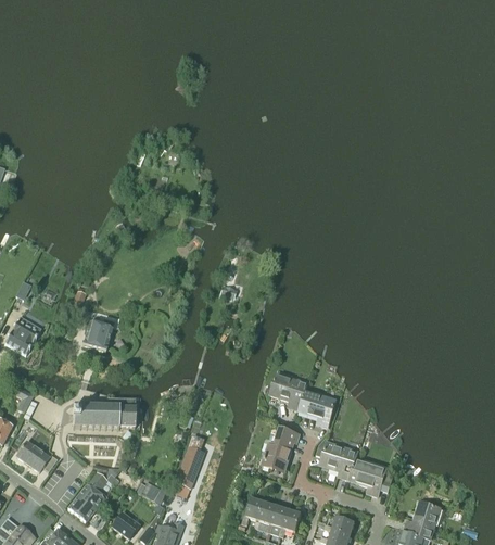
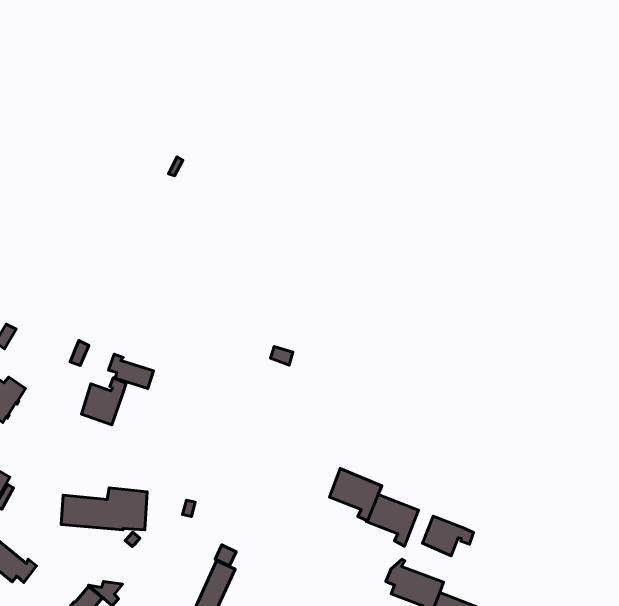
building: none -> [108,354,154,389]
building: none -> [422,516,473,556]
building: [263,428,299,468] -> none

